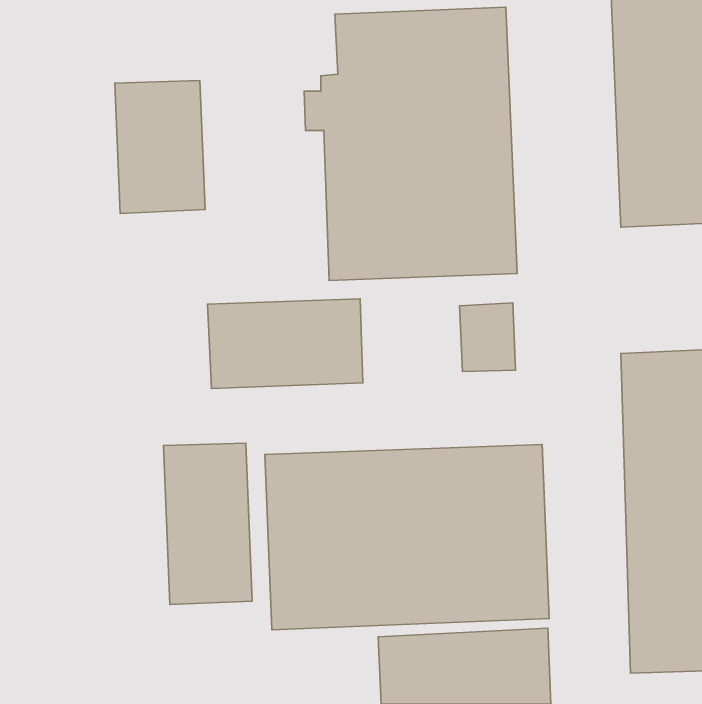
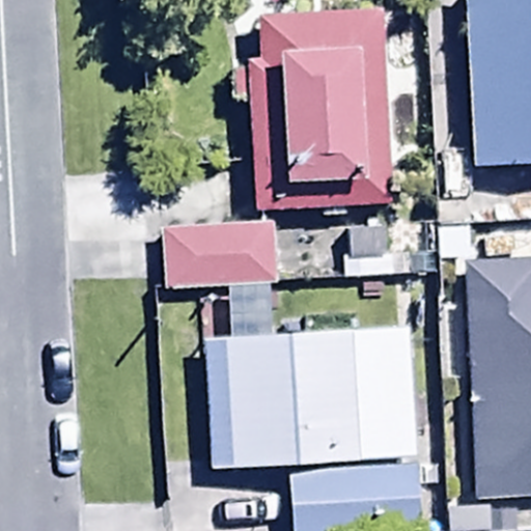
building: [115,81,205,213] -> none
building: [164,443,252,605] -> none

